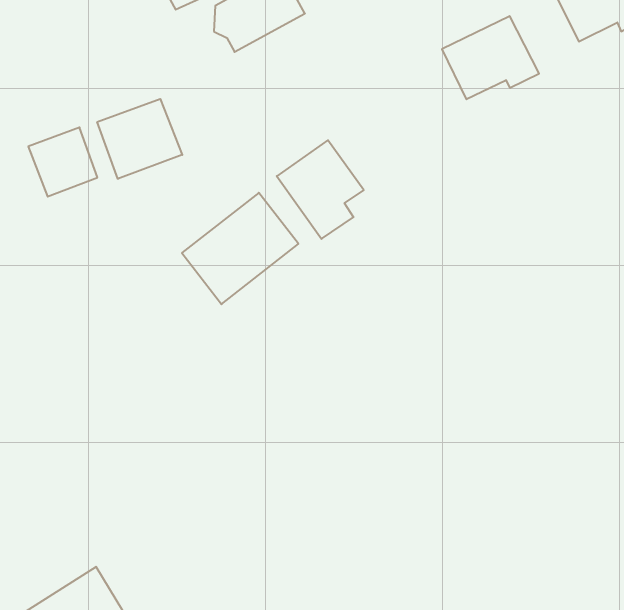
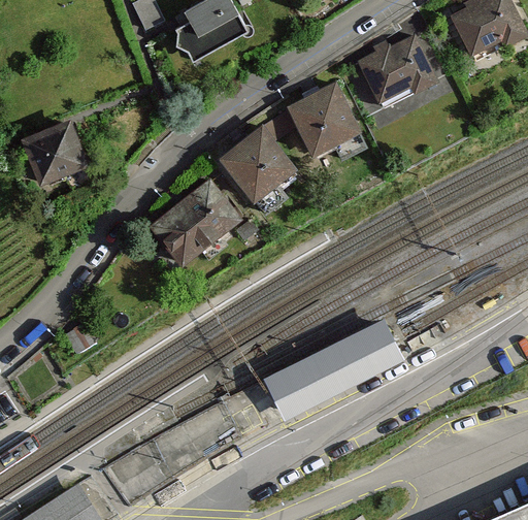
building: none -> [290,85,367,160]
building: [97,99,182,179] -> none
building: none -> [263,316,405,419]

